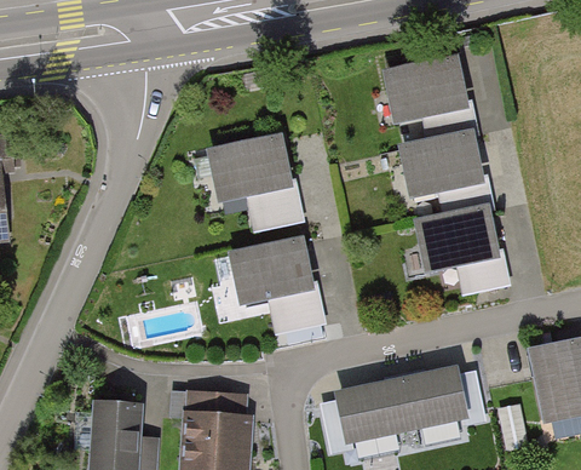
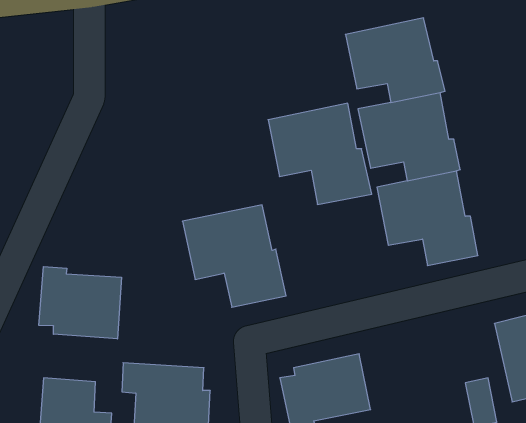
building: [207,133,306,230] -> [268,103,372,204]
building: none -> [39,267,121,339]
building: [397,366,488,432] -> none

